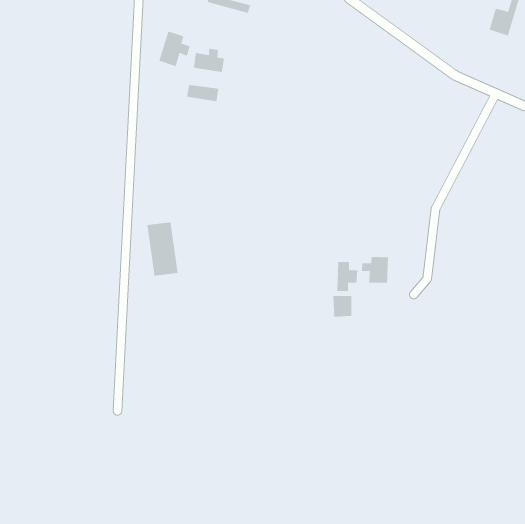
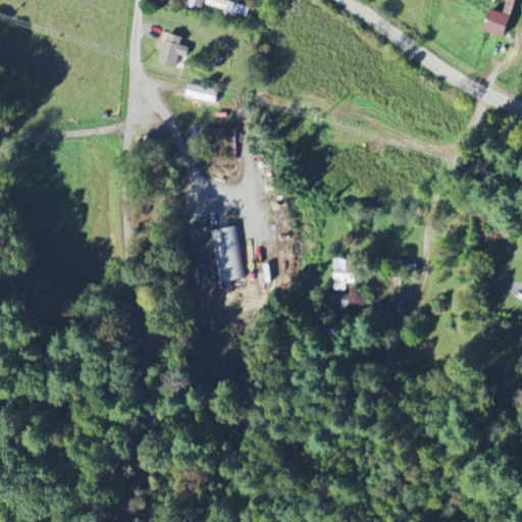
building: [194,48,225,73] -> none
building: [147,222,179,276] -> [211,226,243,280]
building: [361,256,388,283] -> none

